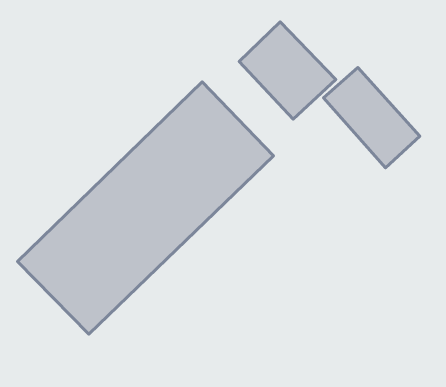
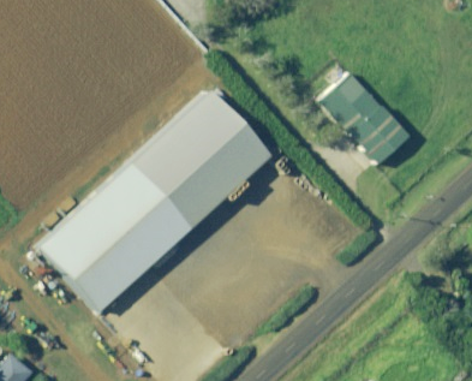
building: [239,22,336,119] -> none

